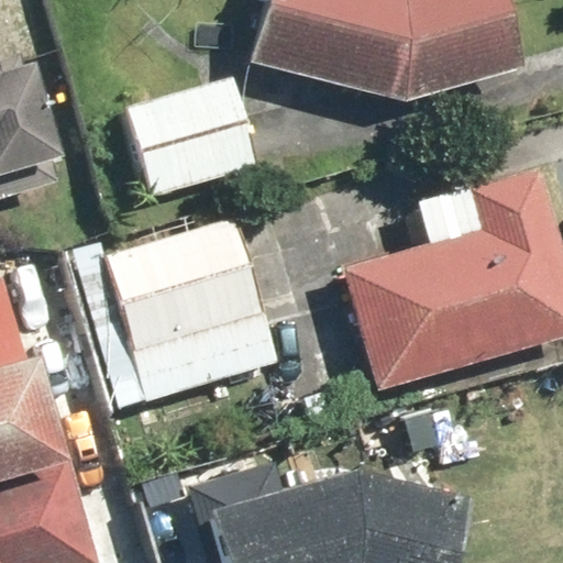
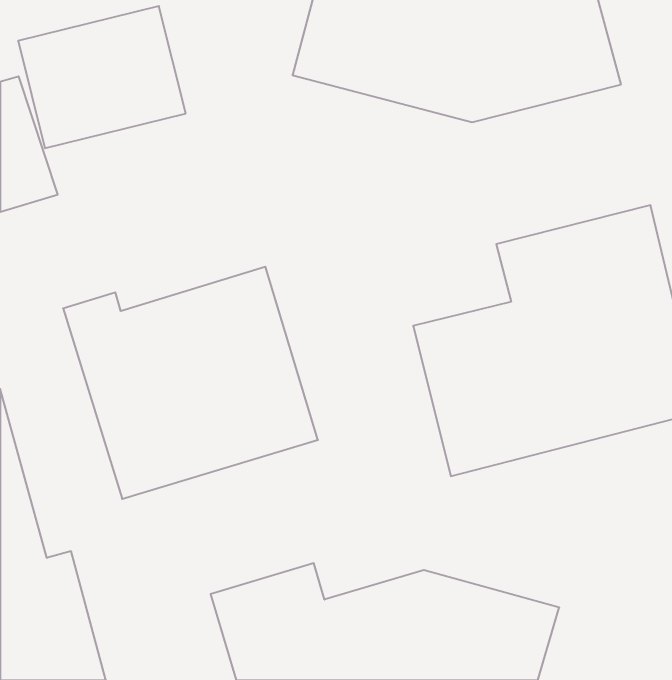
building: [128,80,265,197] -> [18,6,186,148]

